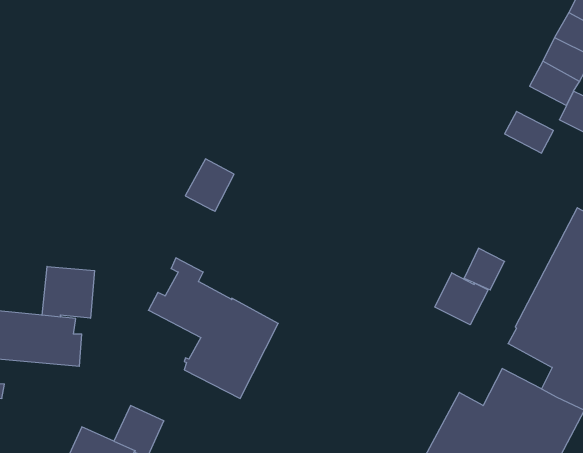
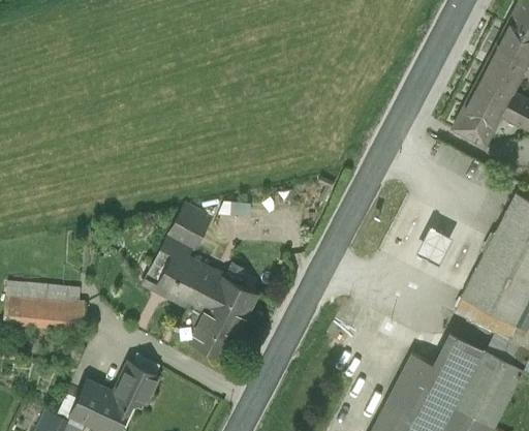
building: none -> [465,86,508,124]
building: [185,159,234,211] -> [169,203,212,248]
building: [42,266,95,318] -> none
building: [435,273,488,325] -> none

